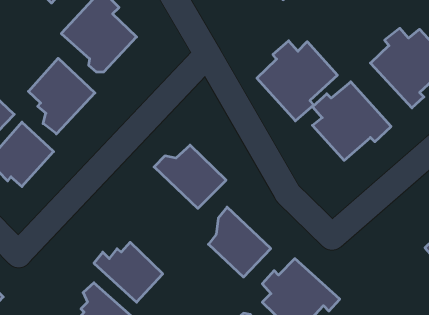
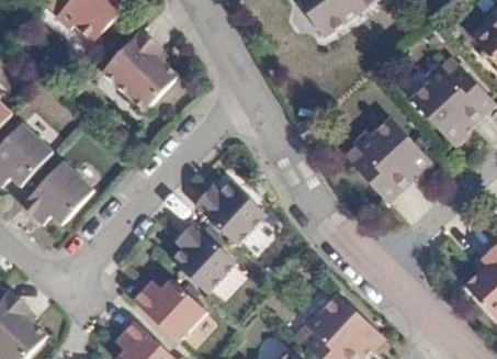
building: [257,41,337,121] -> none
building: [28,58,95,134] -> none
building: [208,207,271,277] -> [172,223,235,293]

